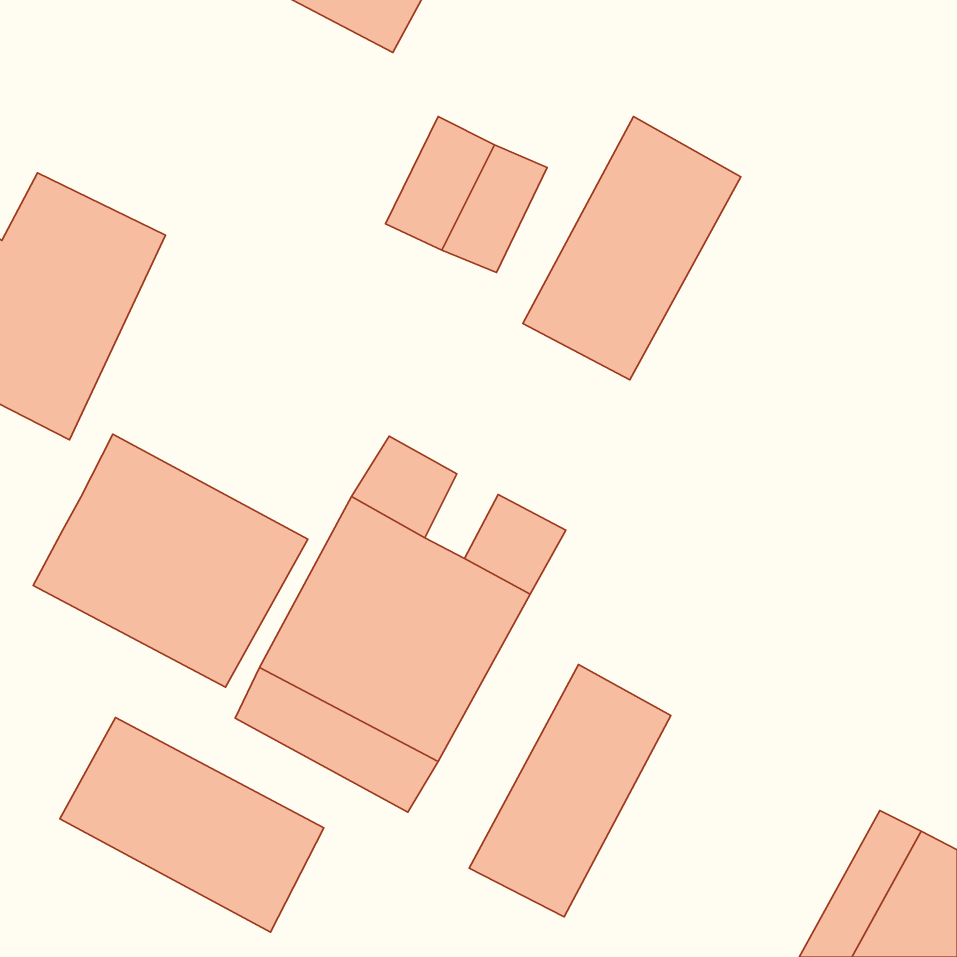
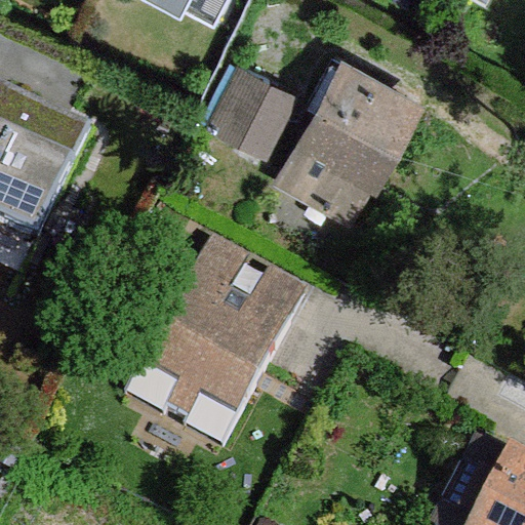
building: [33,434,308,687] -> none
building: [469,665,671,917] -> none
building: [60,718,324,932] -> none

